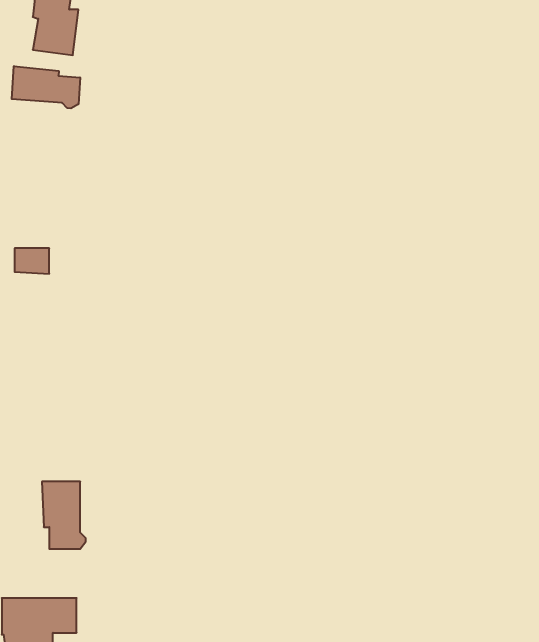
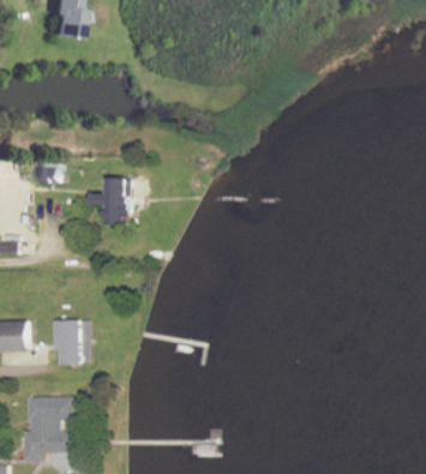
building: [12,66,80,108] -> none
building: none -> [95,176,133,224]

